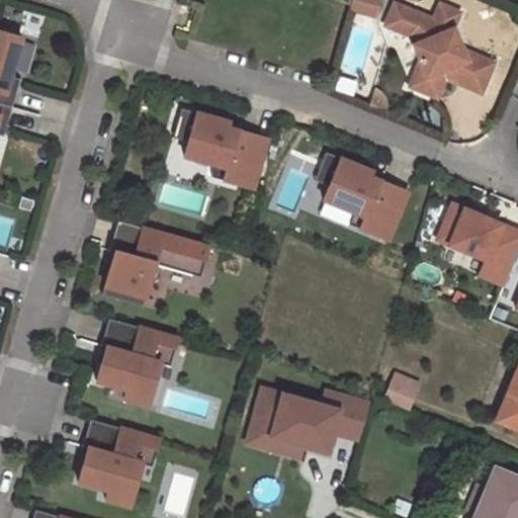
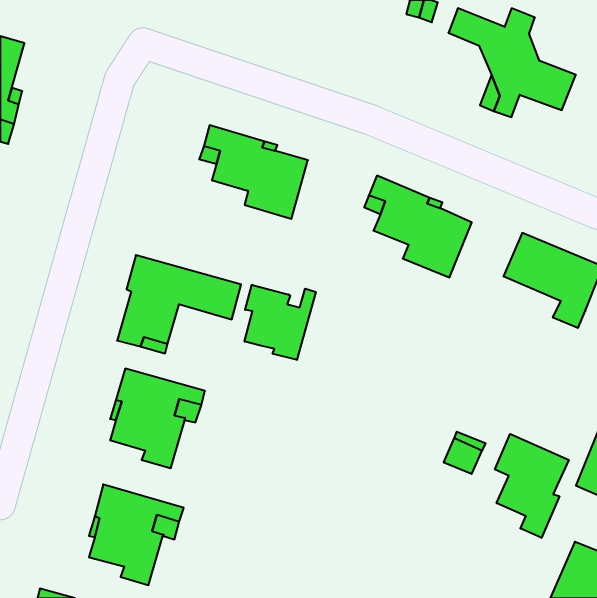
building: none -> [245,285,316,360]
building: none -> [495,434,569,538]
building: [245,386,368,458] -> none

